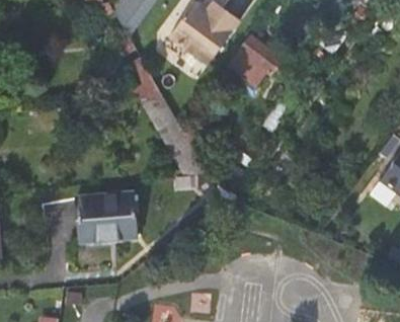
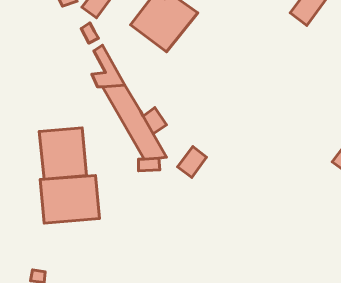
building: [232,35,284,80] -> none
building: none -> [39,128,86,179]

